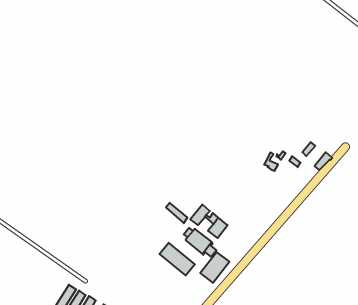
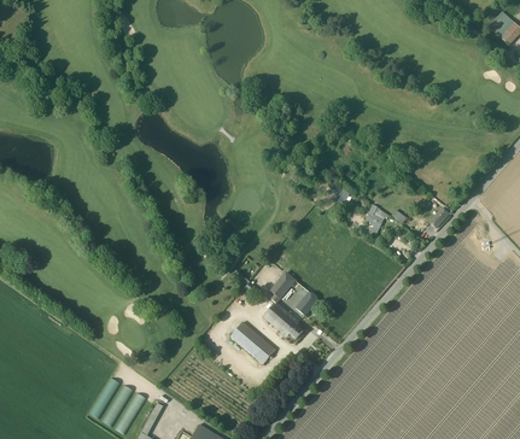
building: [200,252,229,283] -> none

